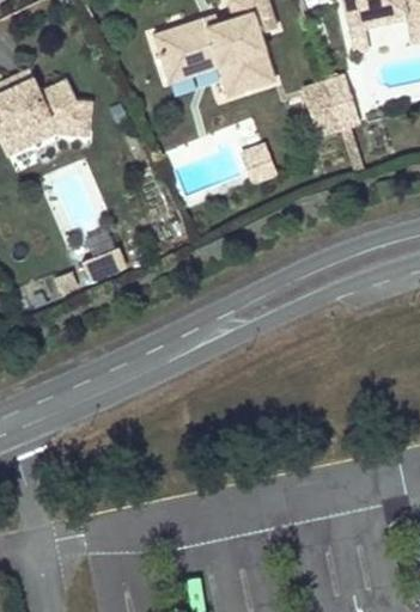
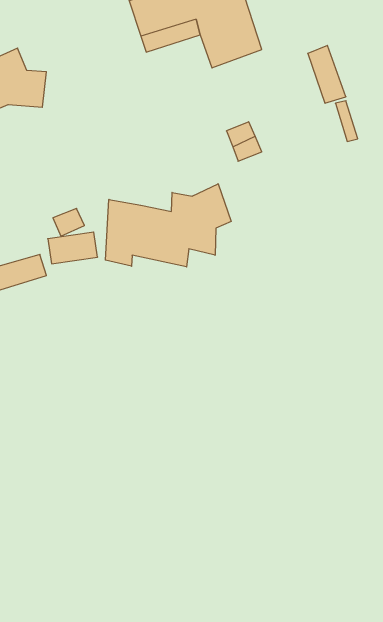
building: none -> [105,184,231,267]

